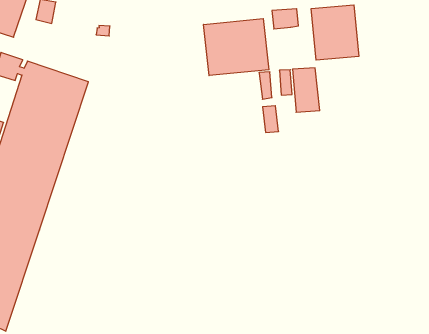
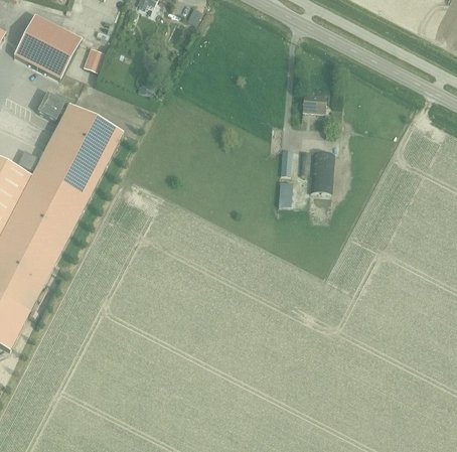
building: [311,5,359,60] -> none
building: [204,19,269,76] -> none

